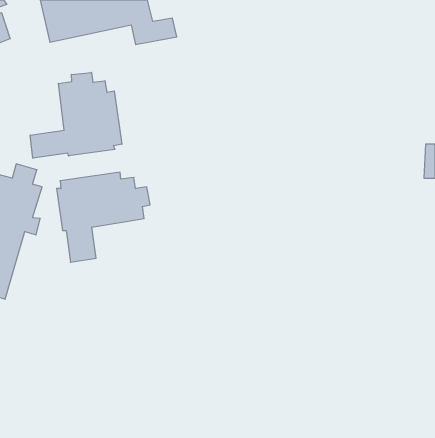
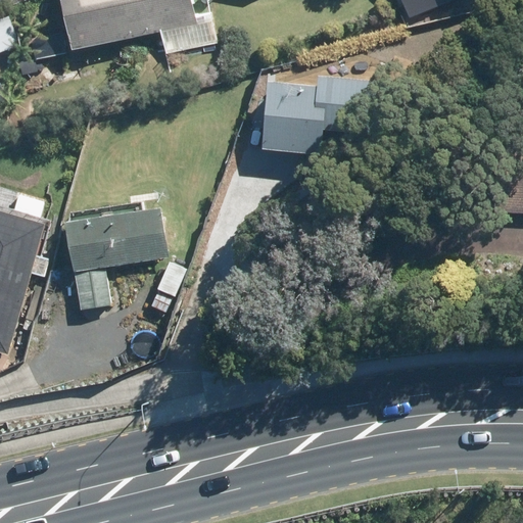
building: none -> [251,76,347,153]
building: [30,72,122,158] -> none

